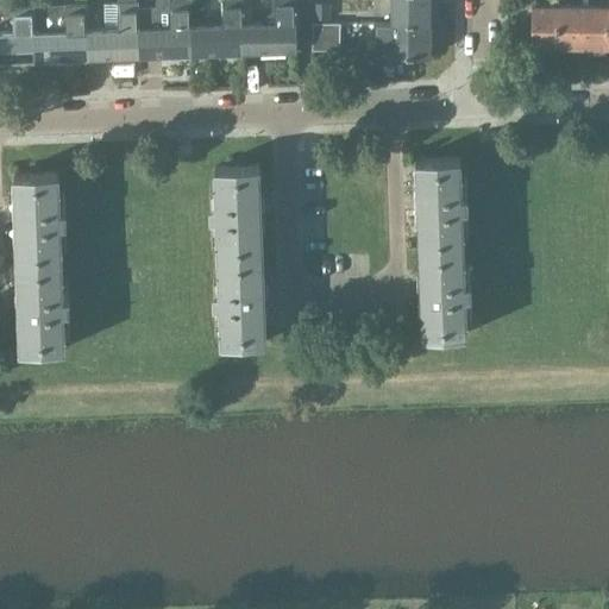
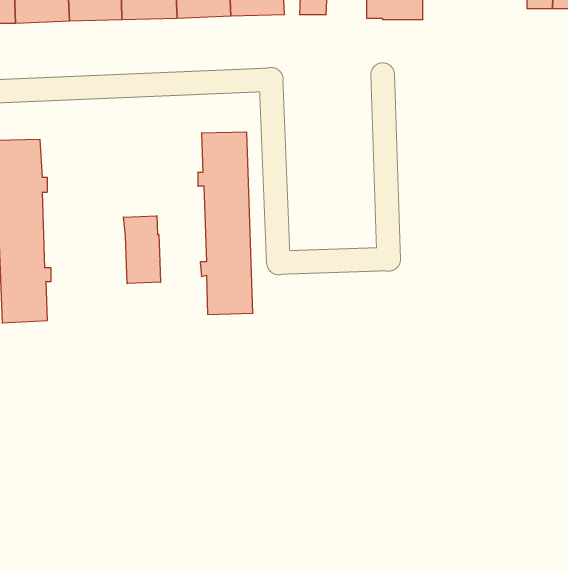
building: [416,161,470,338] -> none
building: none -> [123,216,161,284]

